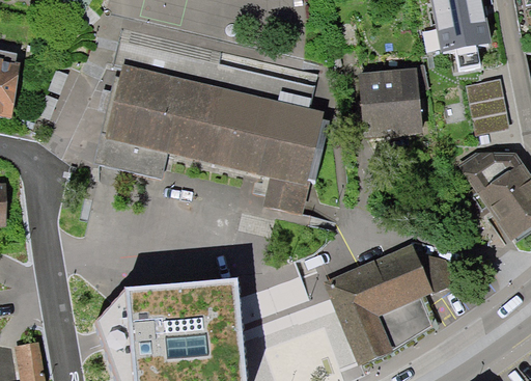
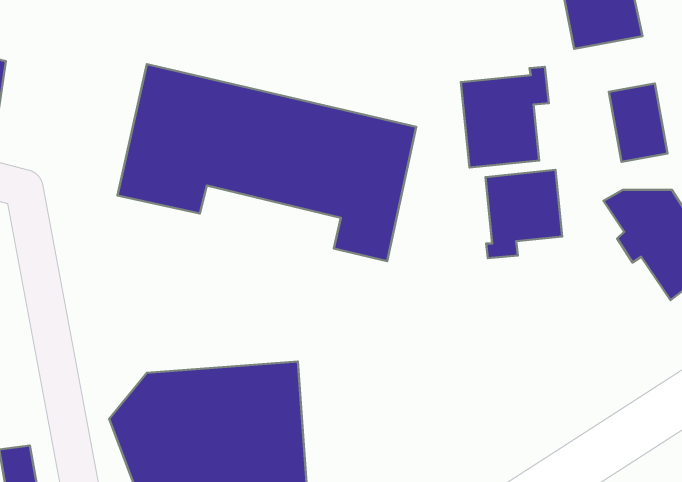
building: none -> [485,170,562,258]
building: [327,248,454,361] -> none

